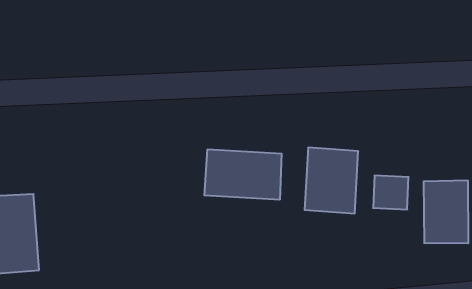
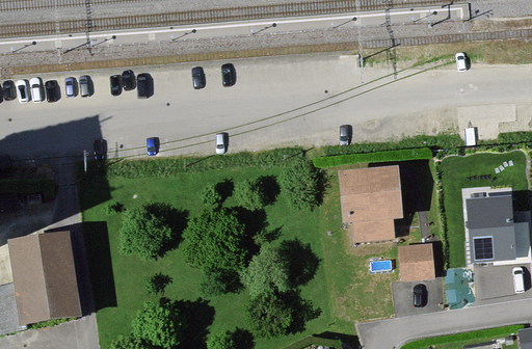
building: [204,149,282,200] -> none
building: [373,176,409,209] -> [398,244,434,278]

